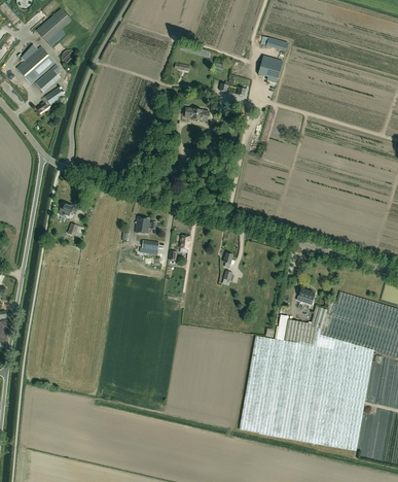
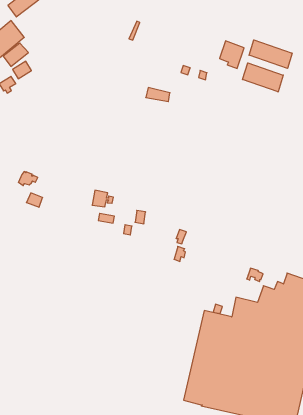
building: none -> [249,40,292,68]
building: none -> [243,63,283,92]

